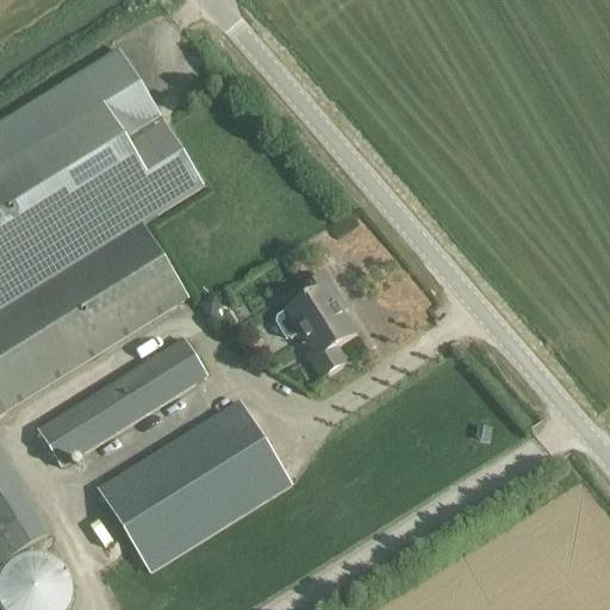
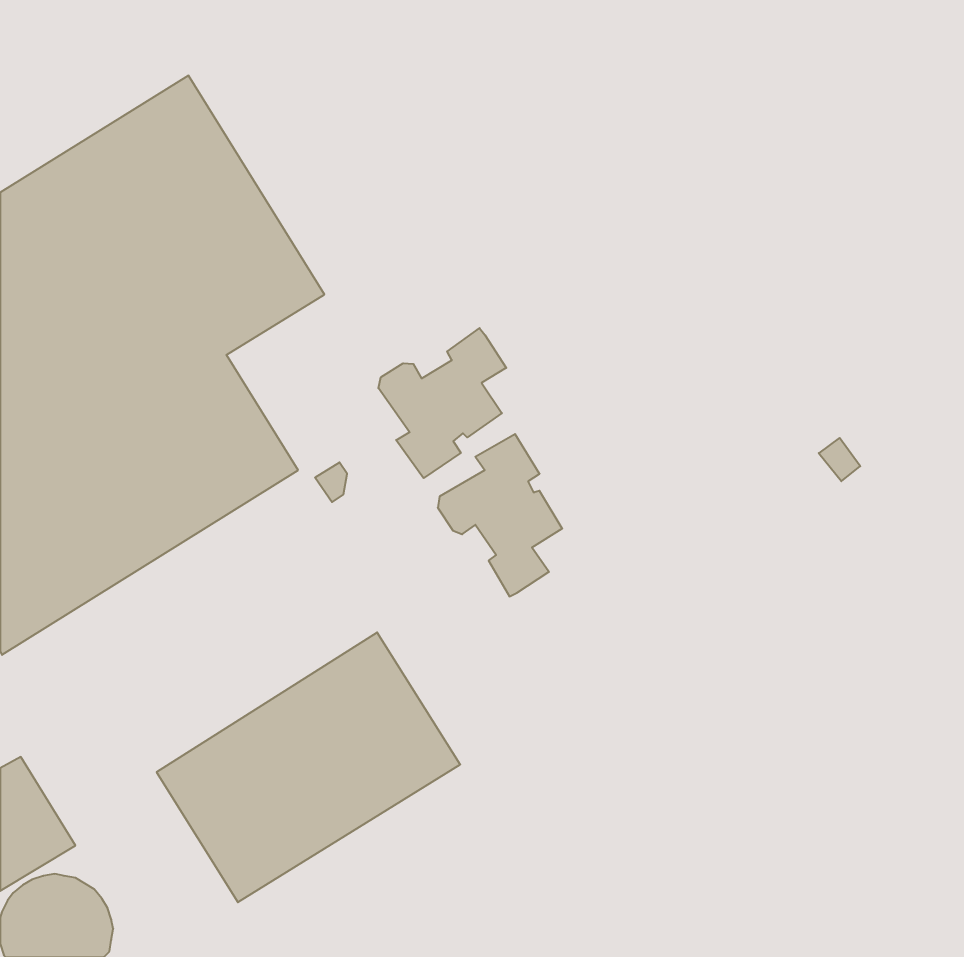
building: none -> [378,328,506,478]
building: [38,337,206,465] -> none

